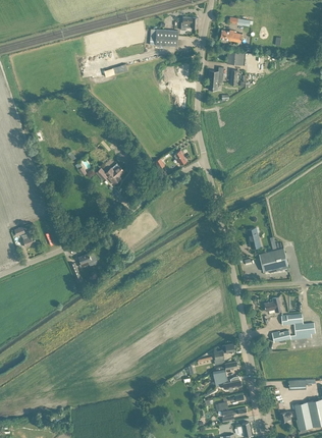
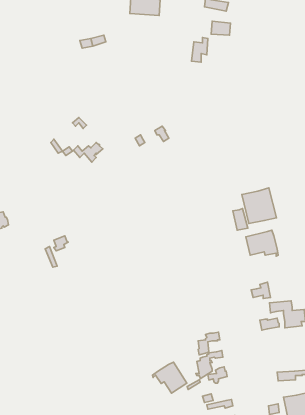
building: none -> [242,188,276,224]
building: none -> [152,362,187,393]

